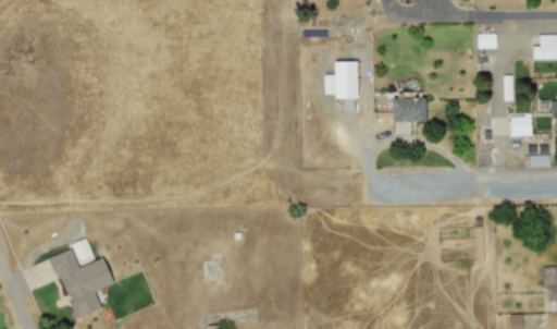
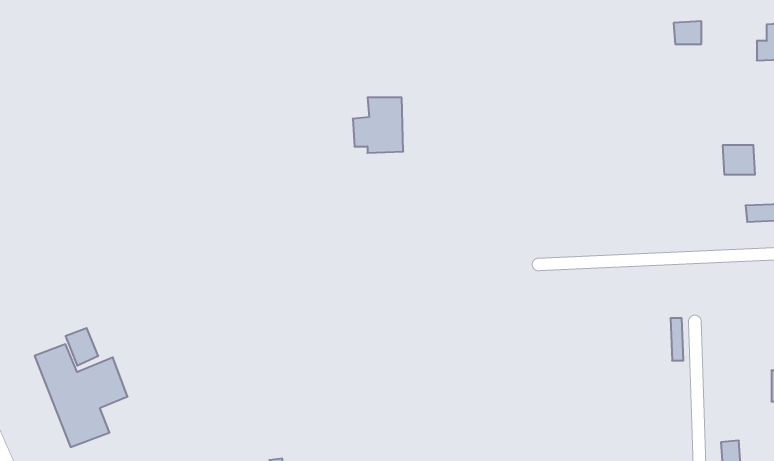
building: [324,61,358,98] -> [353,98,403,153]
building: [392,97,425,122] -> none

